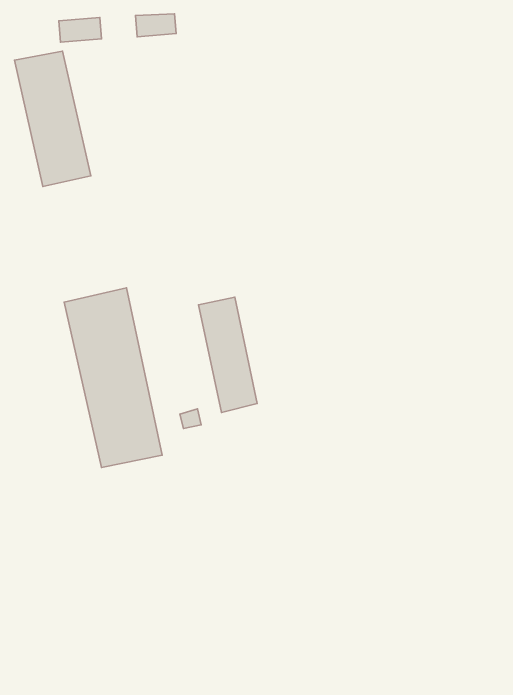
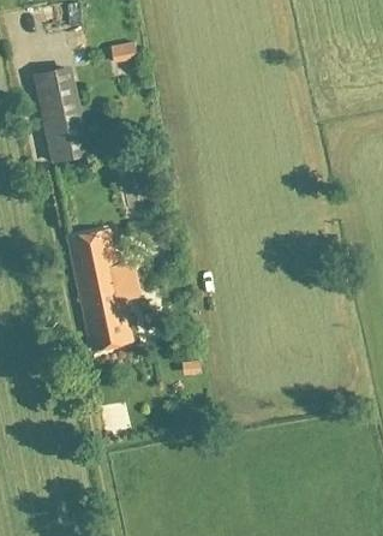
building: [198,297,257,413] -> none

